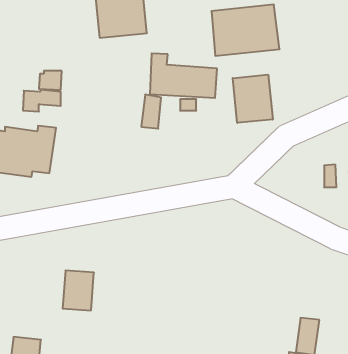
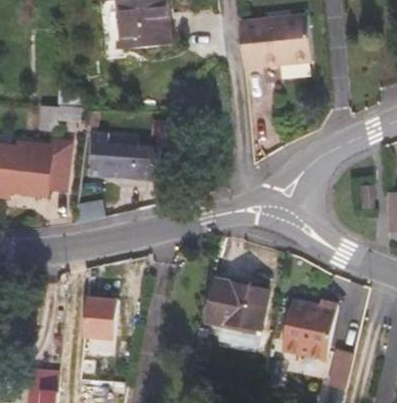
building: [150,53,217,98] -> [89,133,161,180]
building: [233,75,273,123] -> none
building: none -> [207,277,267,329]
building: none -> [281,298,337,358]

